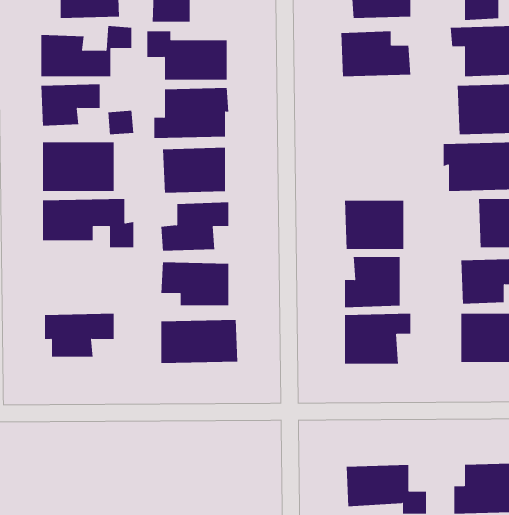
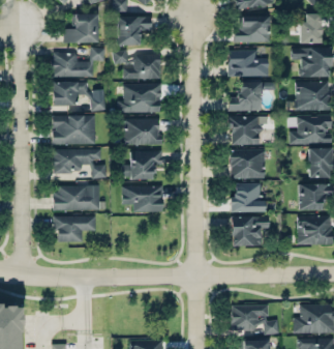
building: none -> [227,83,274,112]
building: none -> [230,116,261,146]
building: [161,319,238,363] -> [55,185,100,211]

